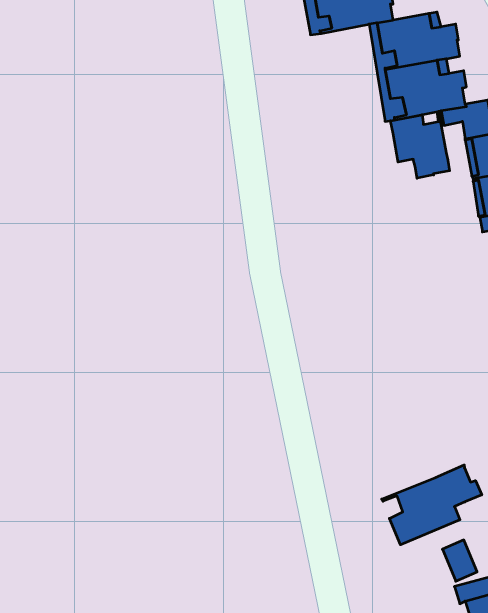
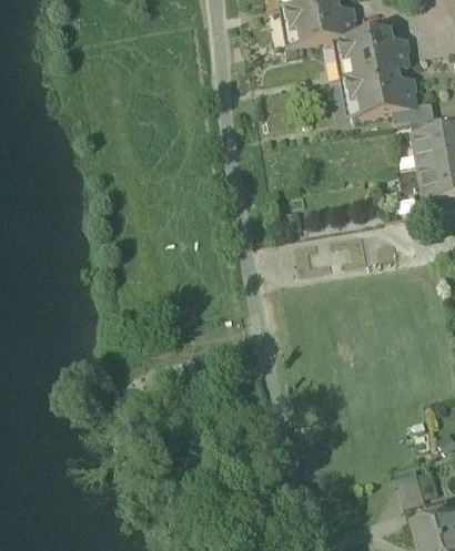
building: [390,111,450,178] -> none
building: [382,465,482,545] -> none

